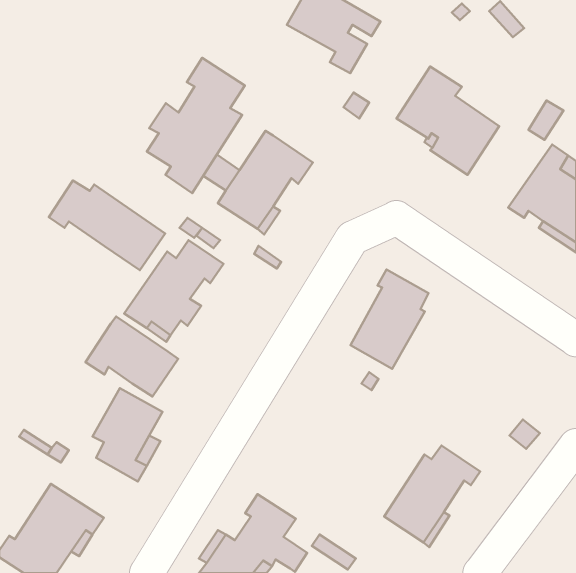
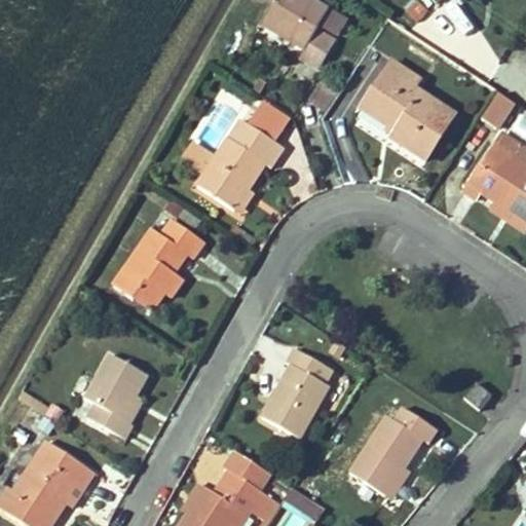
building: [147,58,245,193] -> none
building: none -> [249,102,290,142]
building: [49,181,165,270] -> none
building: [350,270,428,369] -> [261,347,332,438]
building: [85,317,178,396] -> none

